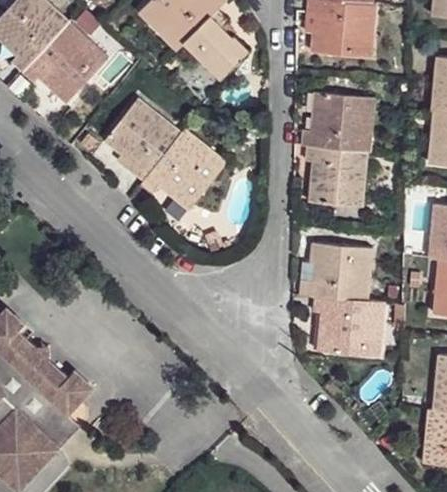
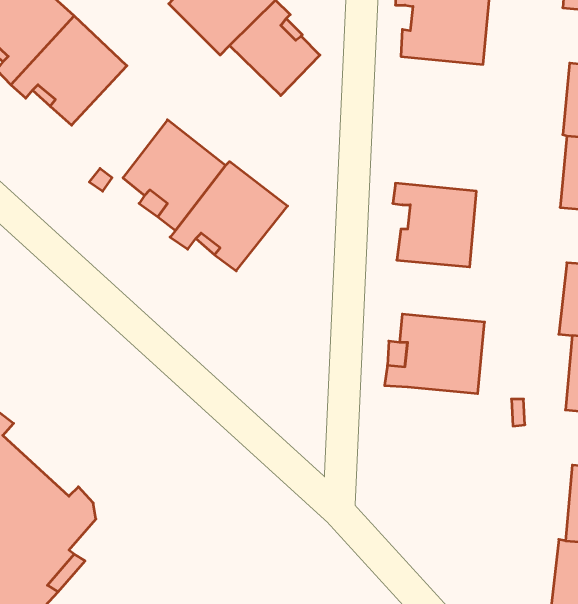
building: [302,92,375,151] -> none
building: [314,296,384,356] -> none

